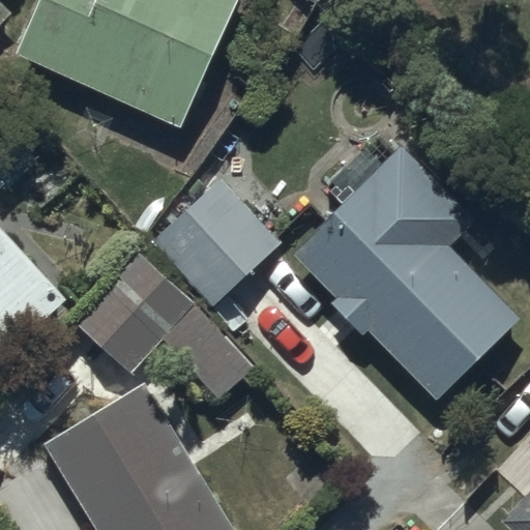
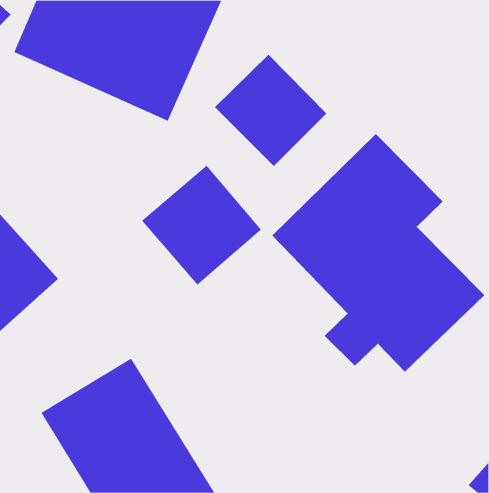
building: none -> [214,54,327,167]
building: [75,251,254,402] -> none

